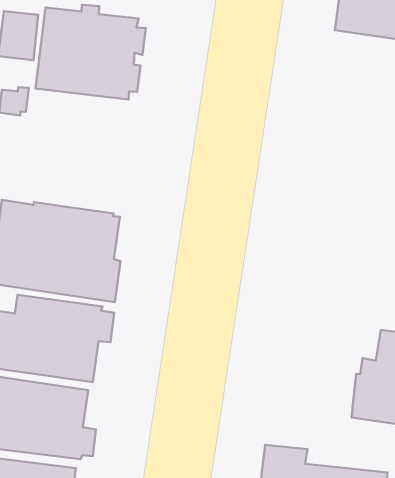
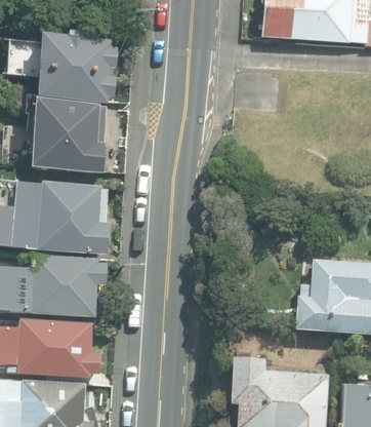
building: none -> [29,98,106,167]

